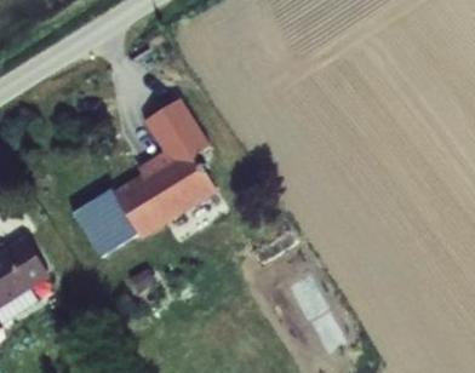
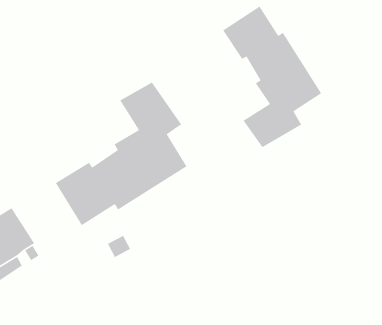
building: none -> [222,6,322,148]

